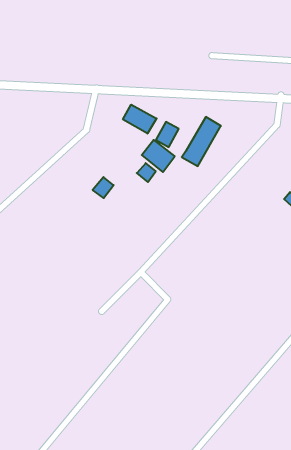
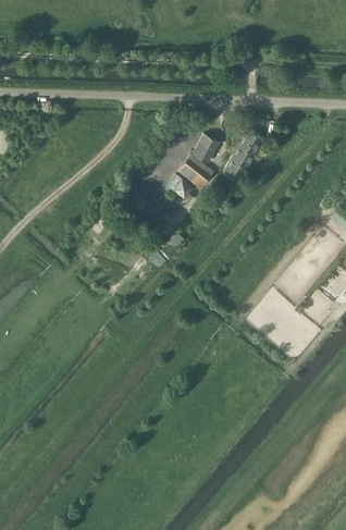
building: [123,105,157,134] -> none

